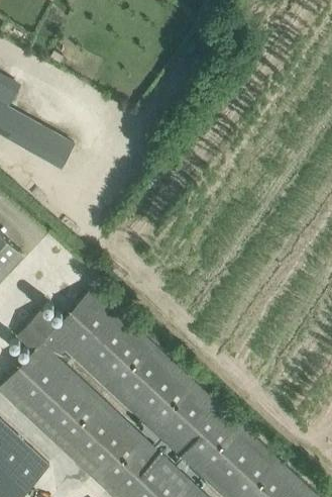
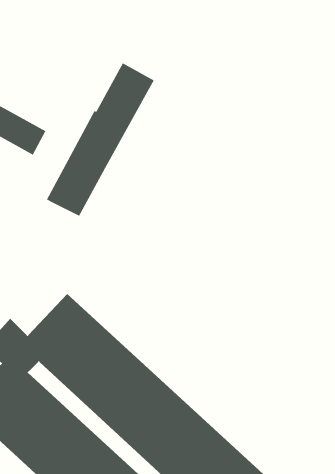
building: none -> [46,62,155,217]

